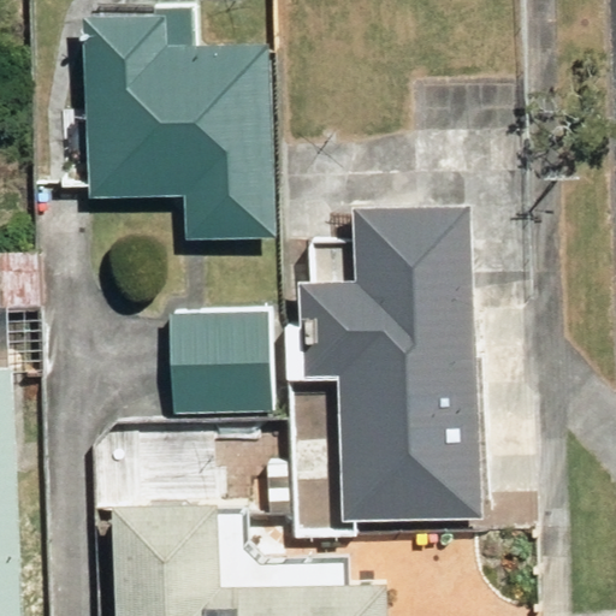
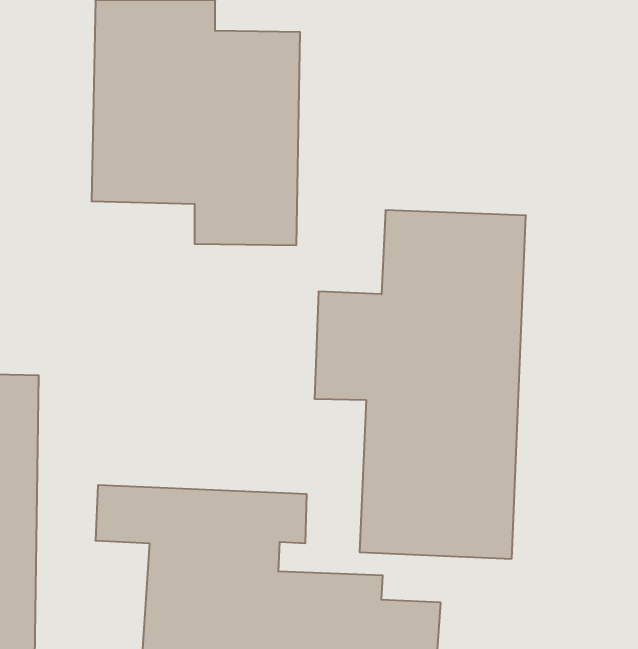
building: [171,310,276,413] -> none

